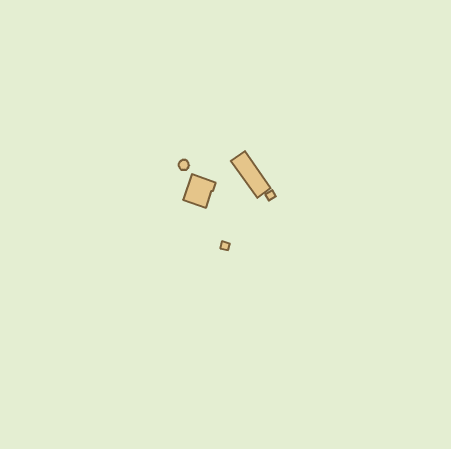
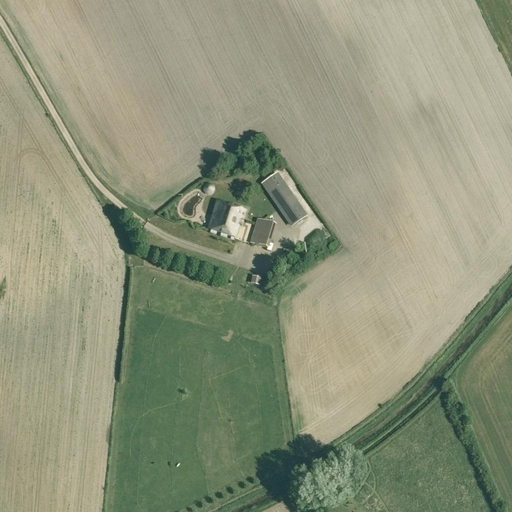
building: none -> [248,217,274,247]

